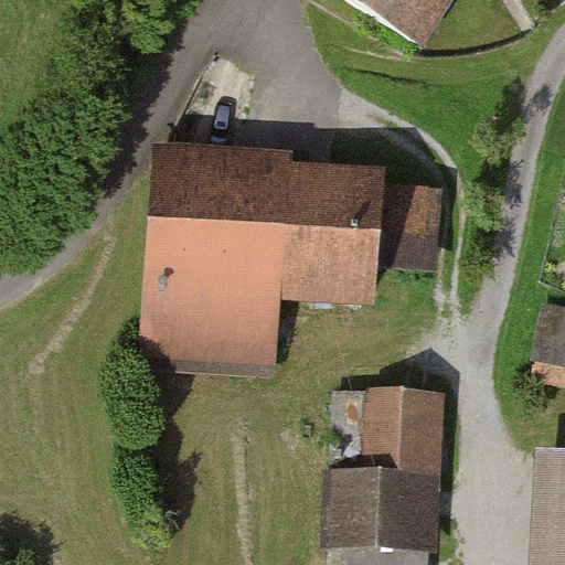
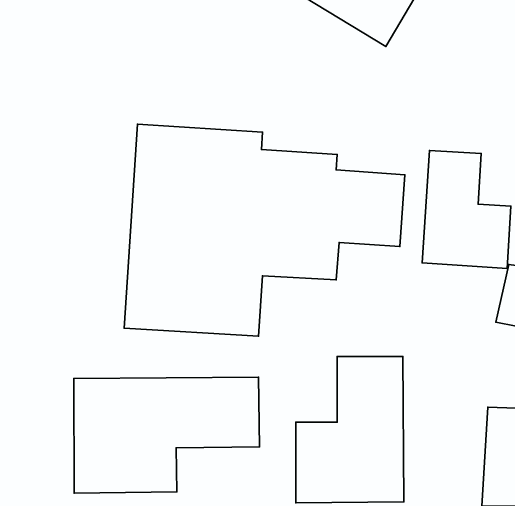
building: none -> [422,151,511,269]
building: none -> [74,377,260,493]

